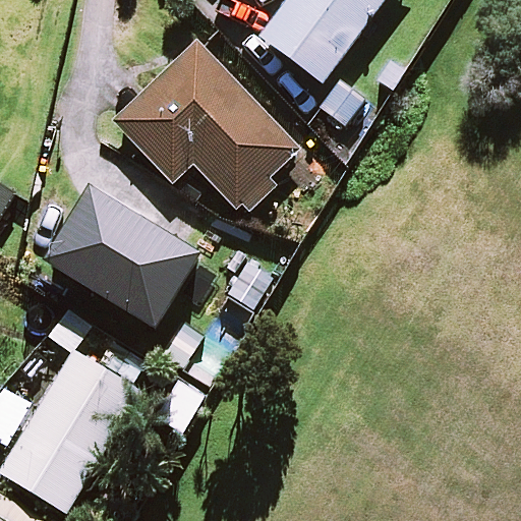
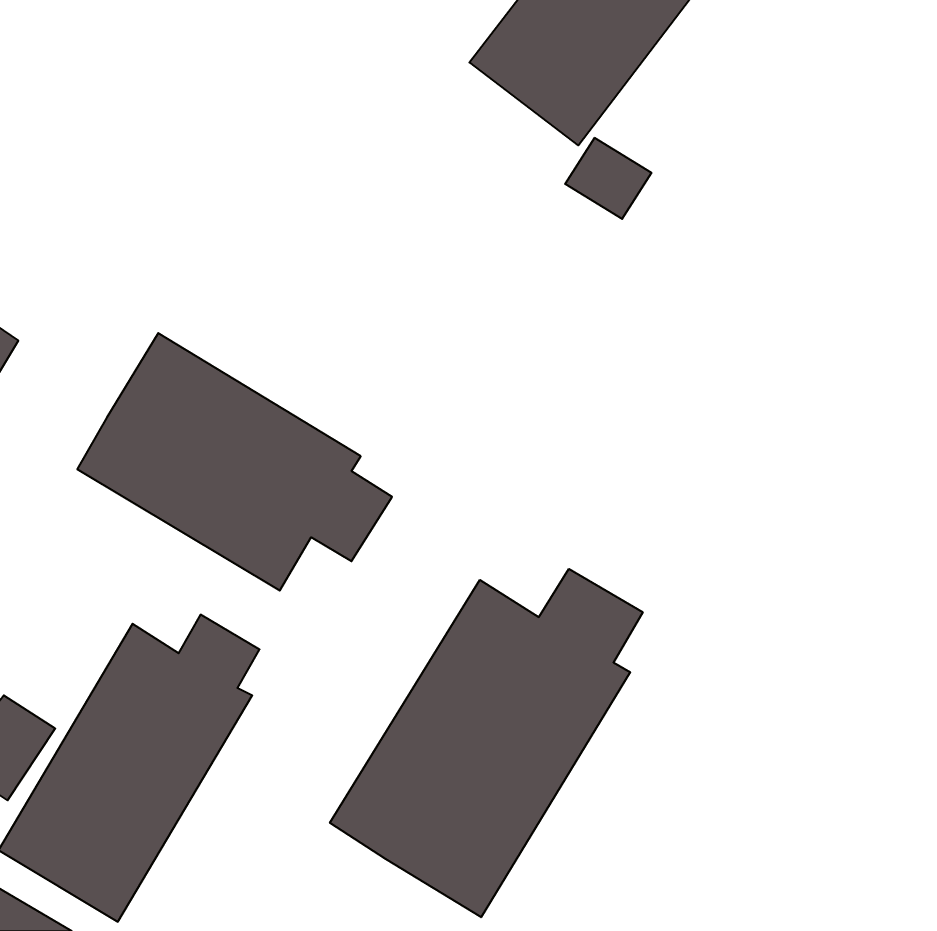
building: [113,42,298,211] -> none
building: none -> [330,569,643,917]

